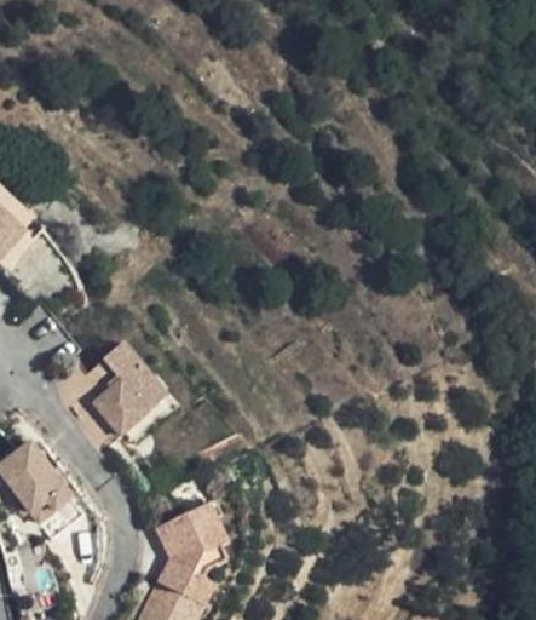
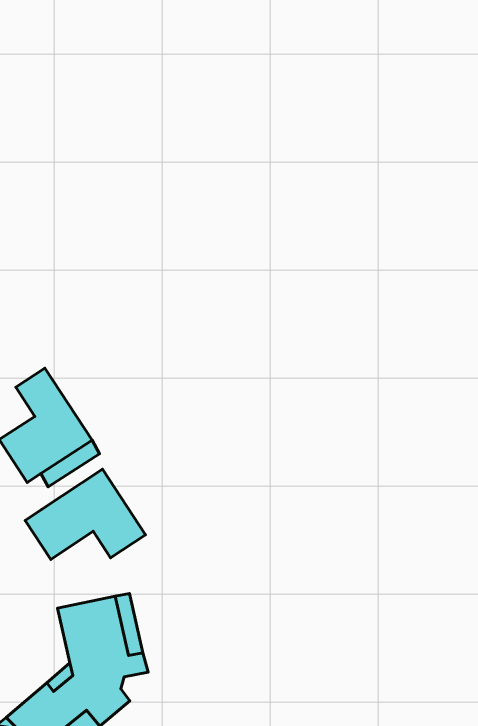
building: none -> [25,469,146,560]

